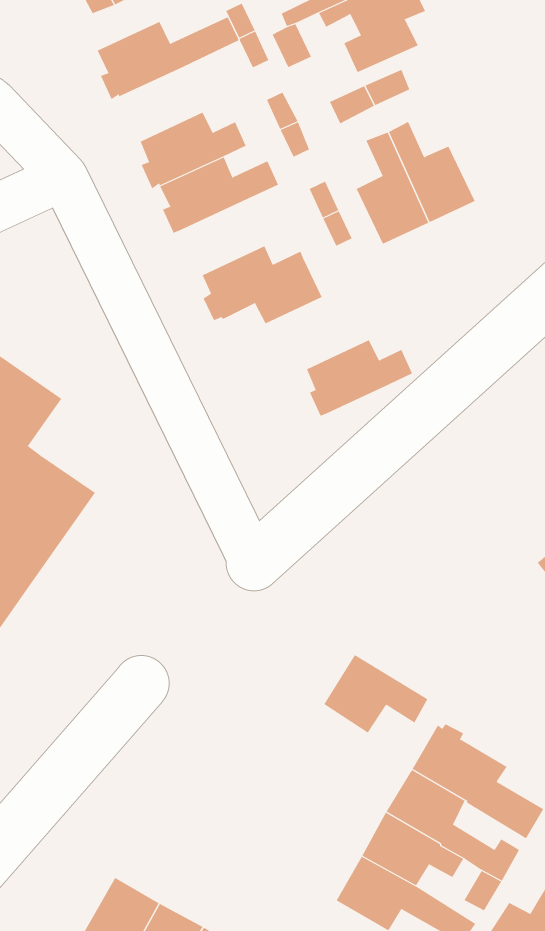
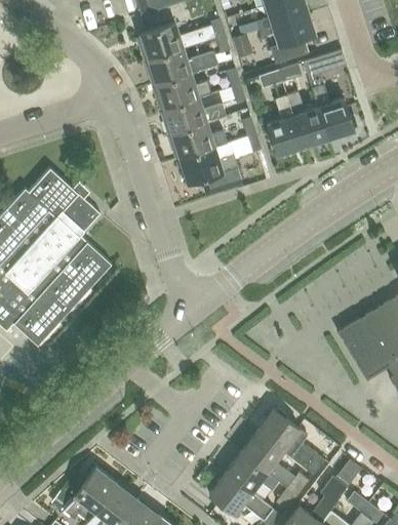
building: none -> [304,51,357,138]
building: none -> [149,49,220,86]
building: [306,340,413,417] -> [172,123,228,160]
building: [323,654,428,734] -> none

